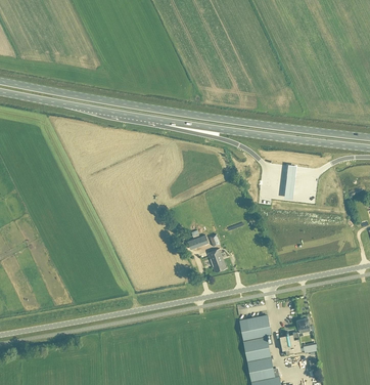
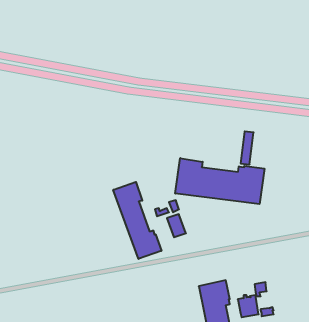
building: none -> [175,158,264,204]
building: none -> [113,182,161,259]

